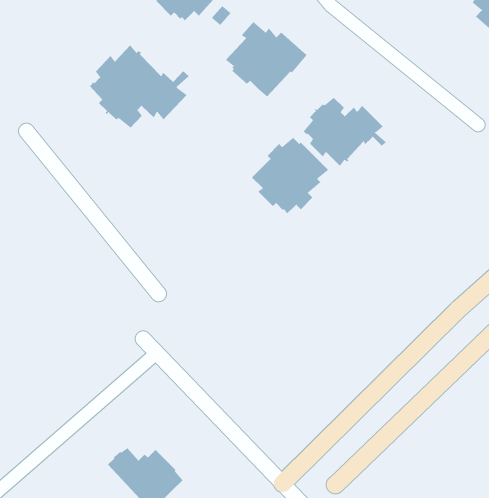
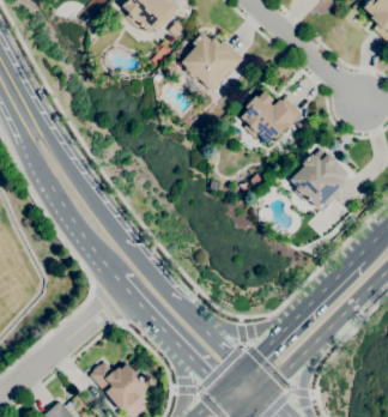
building: [89,45,189,129] -> none
building: [251,137,329,215] -> [290,149,350,208]

